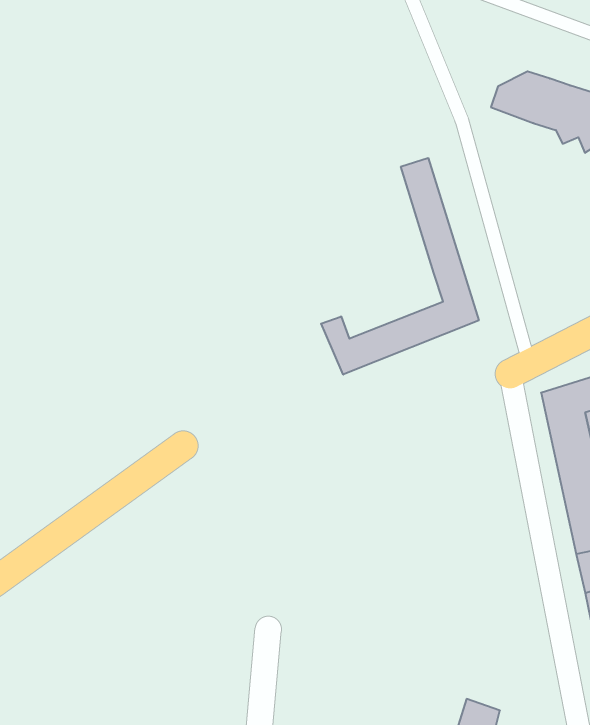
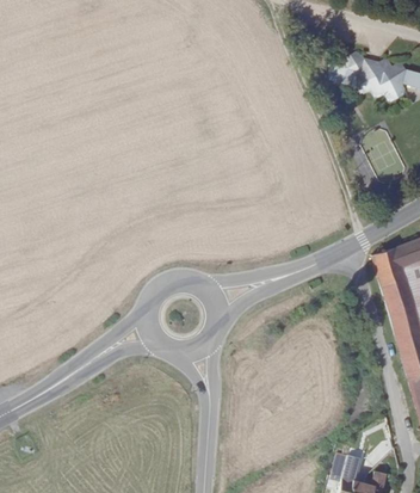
building: [321,158,479,375] -> none

